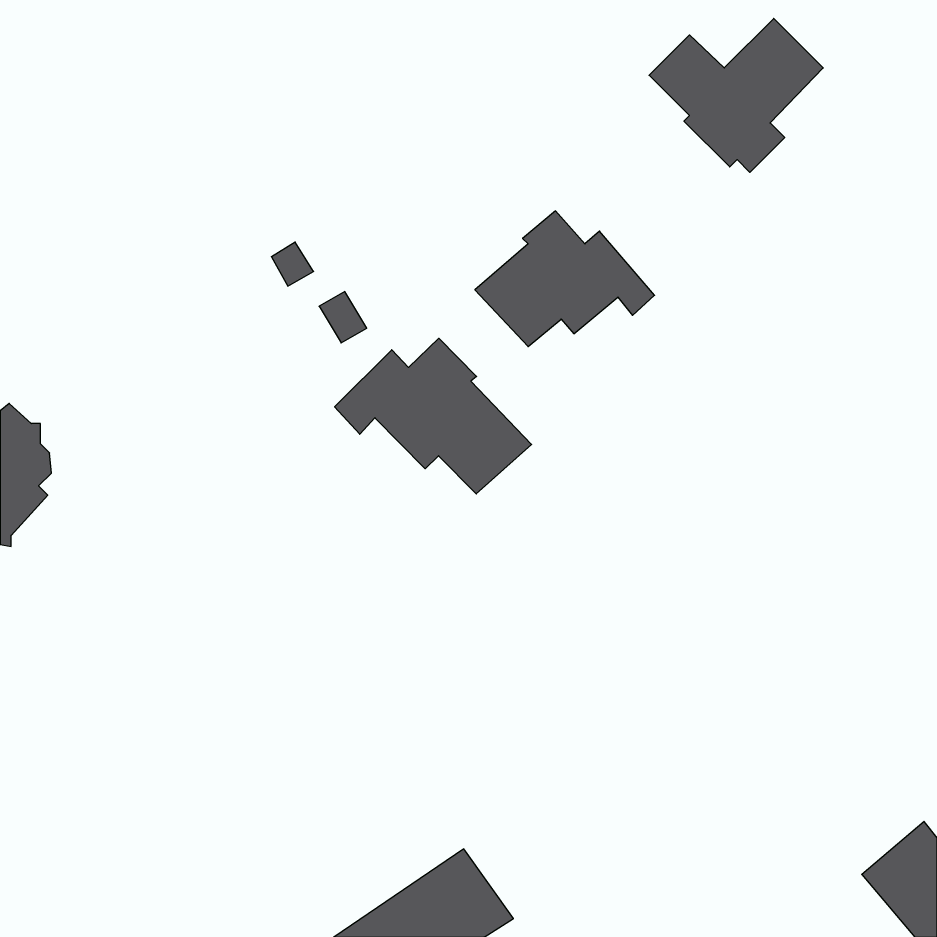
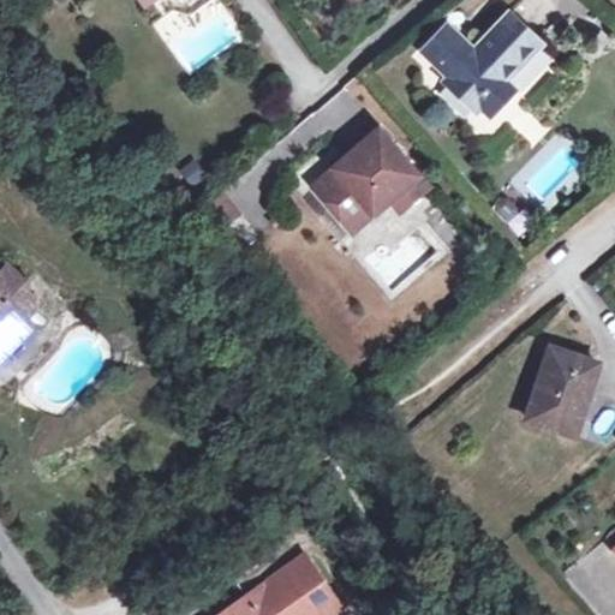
building: [335,338,532,494] -> none
building: none -> [527,348,598,432]

